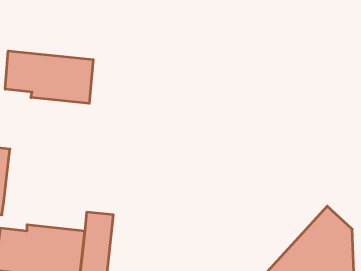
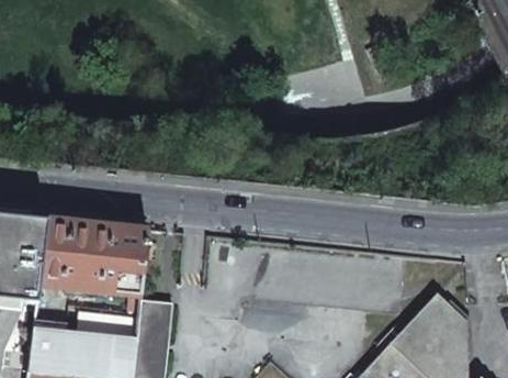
building: [5,51,93,103] -> none
building: none -> [37,220,146,324]

